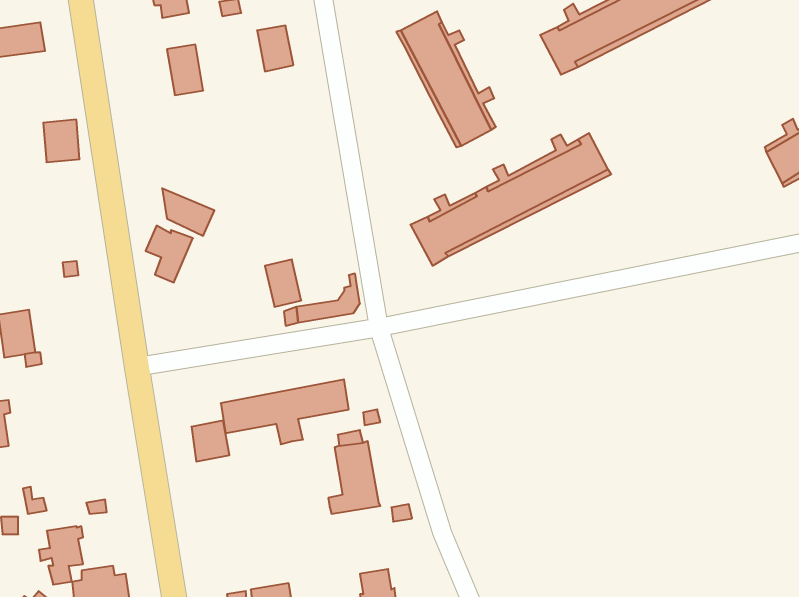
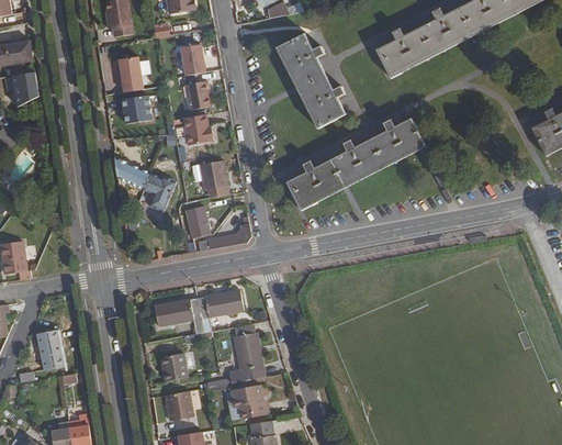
building: none -> [183,79,211,109]
building: none -> [121,94,151,123]
building: [43,120,80,162] -> [9,73,34,102]
building: none -> [182,113,212,144]
building: none -> [199,159,227,197]
building: [146,226,193,282] -> [142,171,175,211]
building: [191,420,229,462] -> [160,353,187,381]
building: none -> [226,383,267,421]
building: none -> [164,390,192,420]
building: [39,526,83,585] -> [30,330,60,370]

